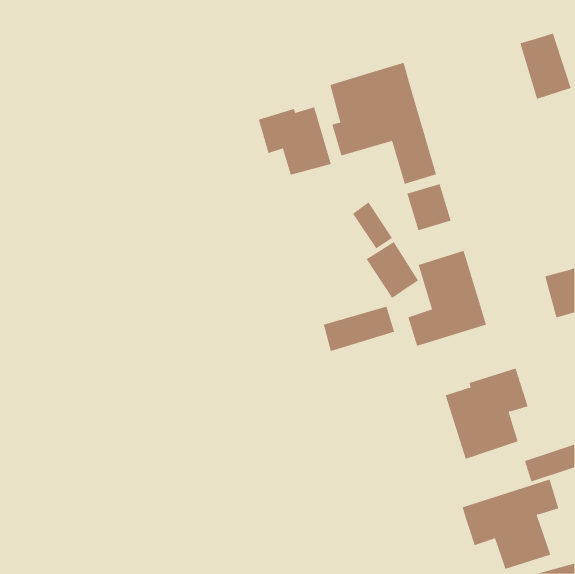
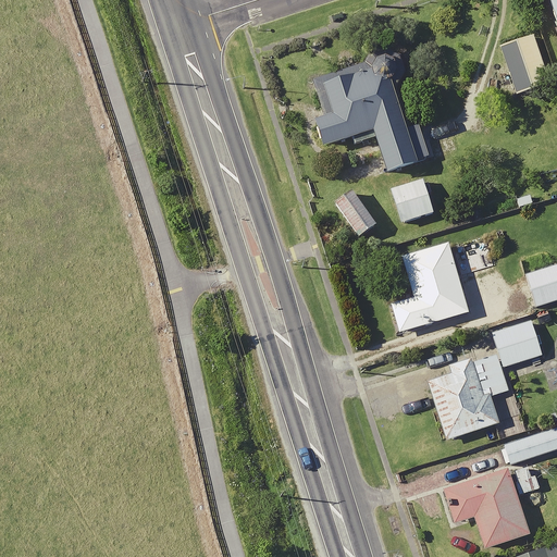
building: [258,107,332,175] -> none
building: [366,241,419,299] -> none
building: [323,306,395,352] -> none
building: none -> [491,320,541,364]

